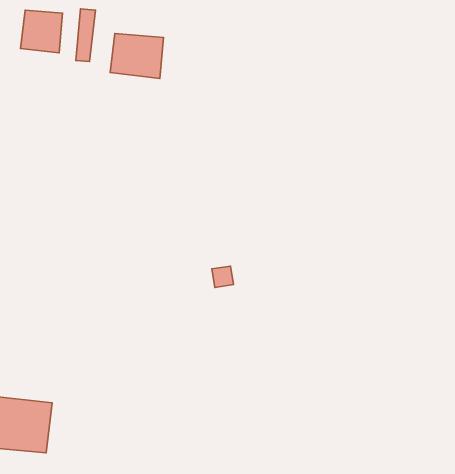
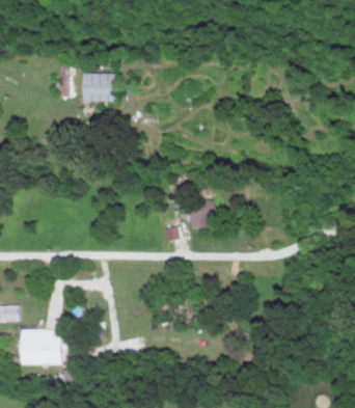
building: [20,10,63,53] -> none
building: none -> [187,199,217,229]

